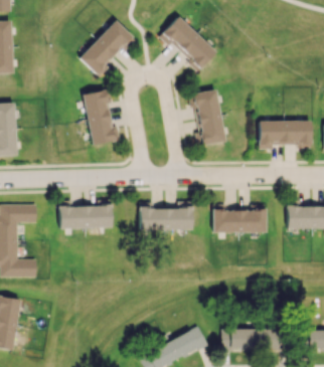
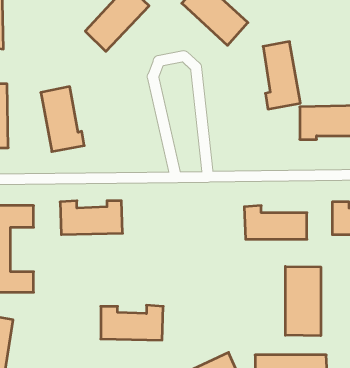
building: [84,89,120,144] -> [41,87,84,152]
building: [194,89,225,146] -> [263,42,300,109]
building: [140,201,192,230] -> [101,305,163,340]
building: none -> [285,266,321,336]

